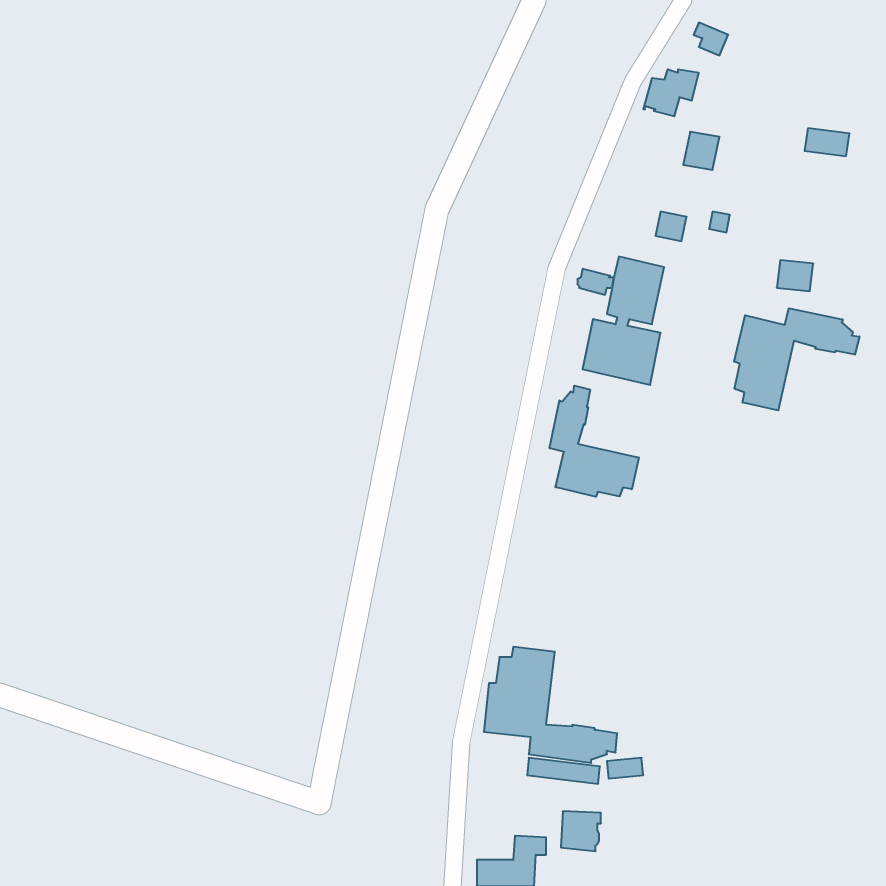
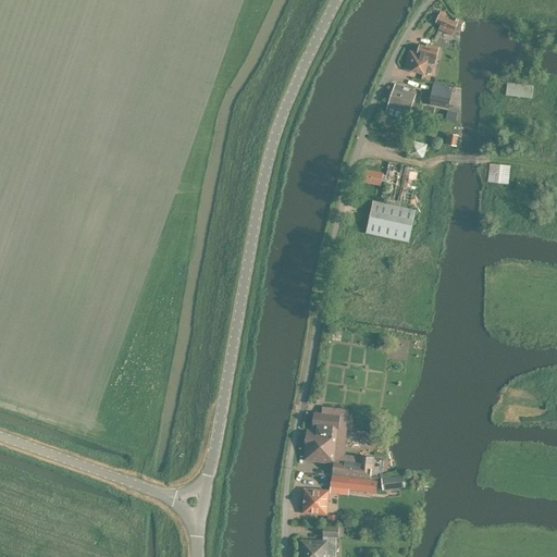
building: none -> [384,83,416,119]
building: [734,308,859,410] -> none
building: [550,386,639,497] -> none
building: [561,811,601,851] -> [302,488,327,513]

